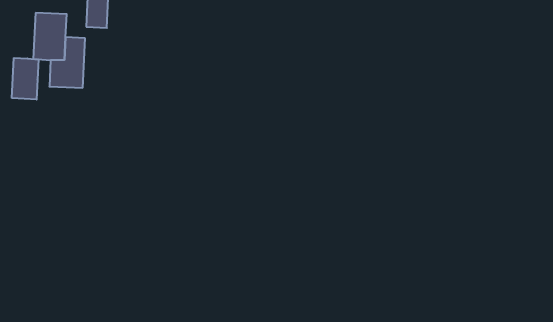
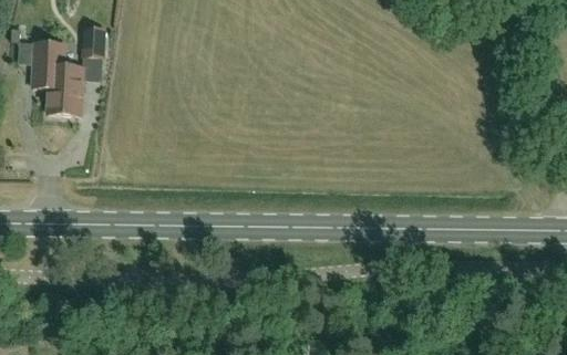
building: [12,58,38,100] -> none

